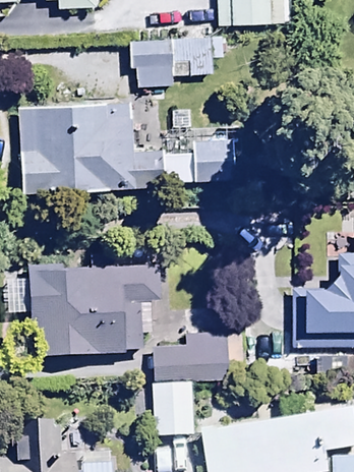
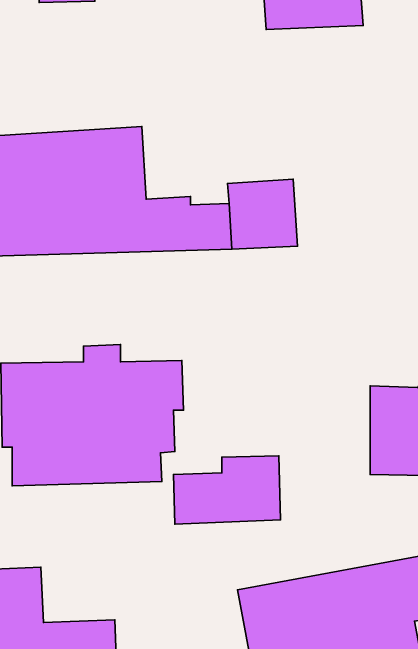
building: [128,37,223,105] -> none
building: [152,382,194,436] -> none

